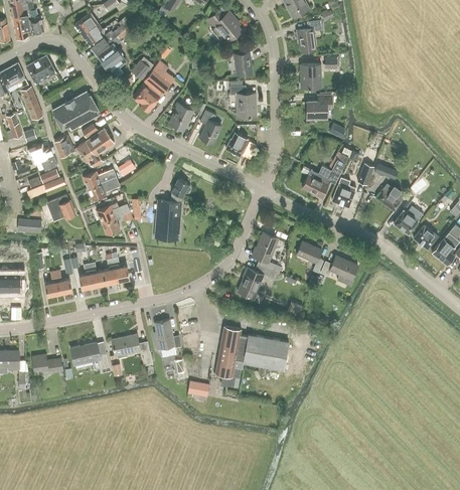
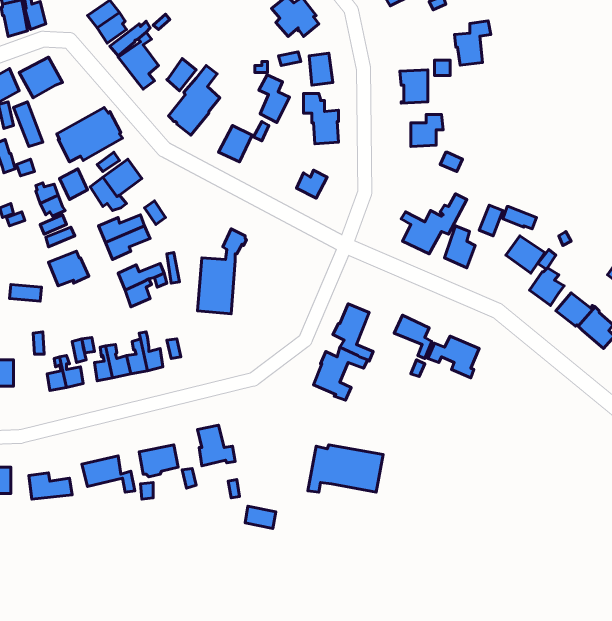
building: [296,20,322,52] -> [455,21,491,65]
building: [199,111,221,145] -> [259,75,289,122]
building: [215,326,241,377] -> none

